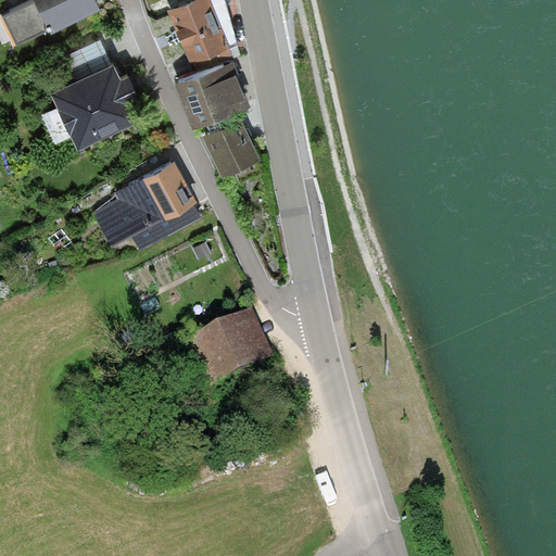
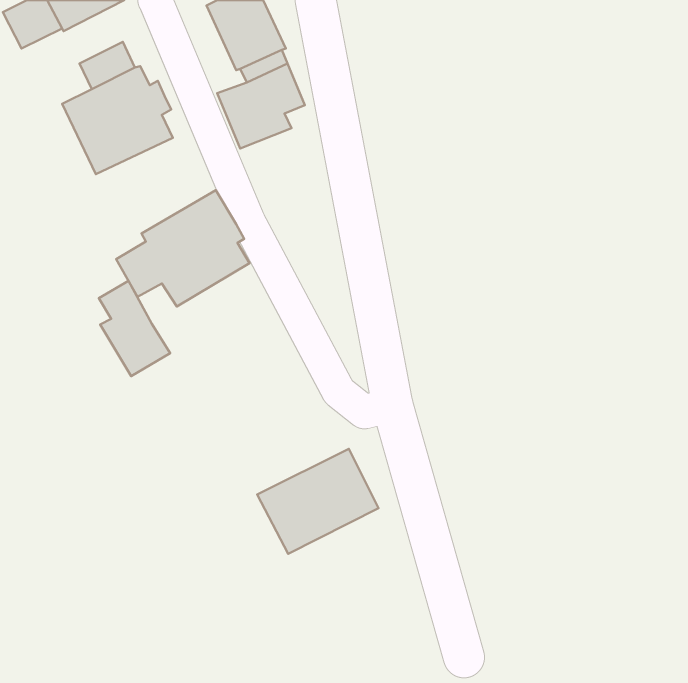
building: [201,116,260,175] -> none
building: none -> [99,281,170,376]
building: [177,313,275,397] -> [257,449,379,554]

